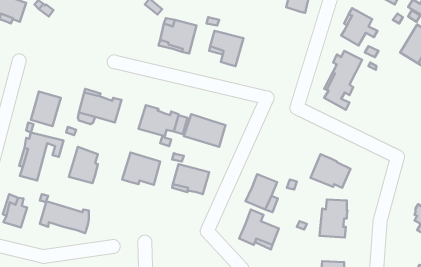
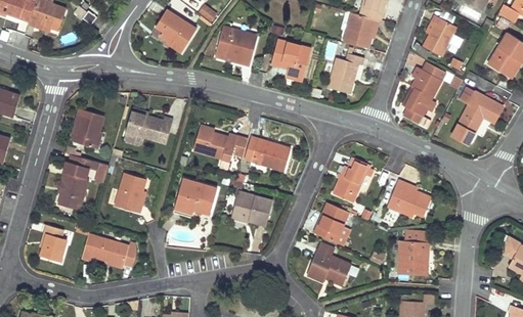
building: none -> [156,11,197,53]
building: none -> [343,12,376,48]
building: none -> [329,54,363,93]
building: none -> [450,88,502,145]
building: none -> [333,160,368,202]

